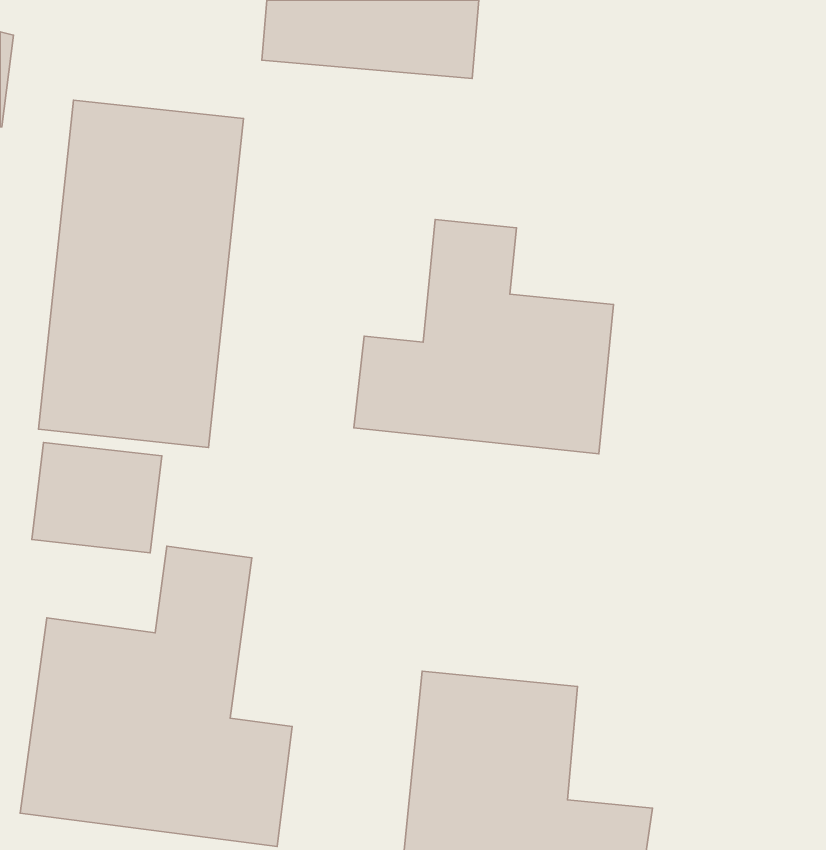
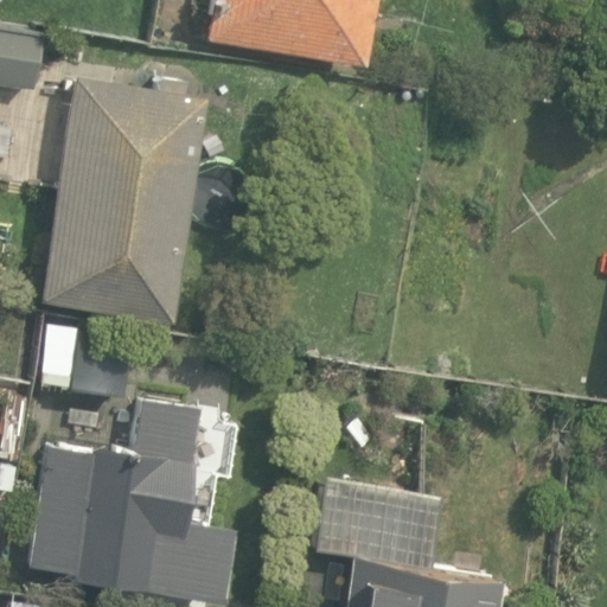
building: [354,220,614,454] -> none

